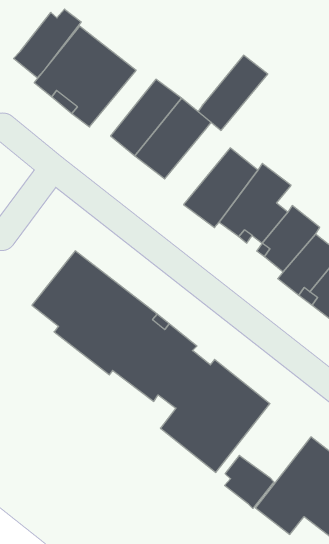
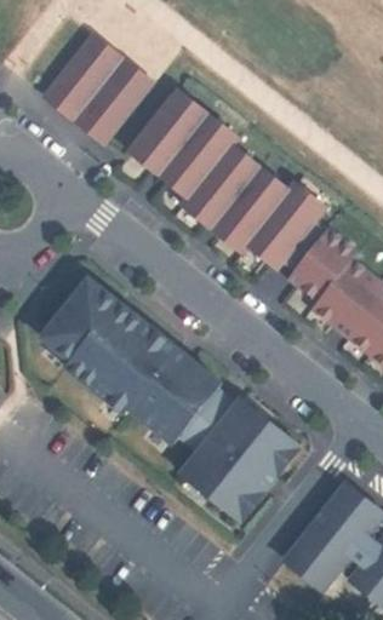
building: [14,9,81,78] -> none
building: [198,55,268,130] -> [181,144,257,226]
building: [225,455,274,508] -> none

